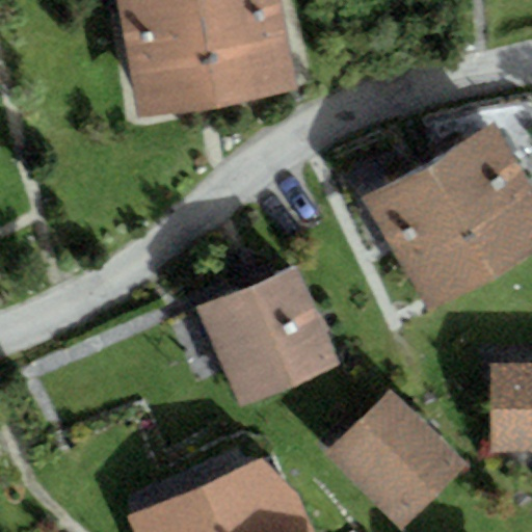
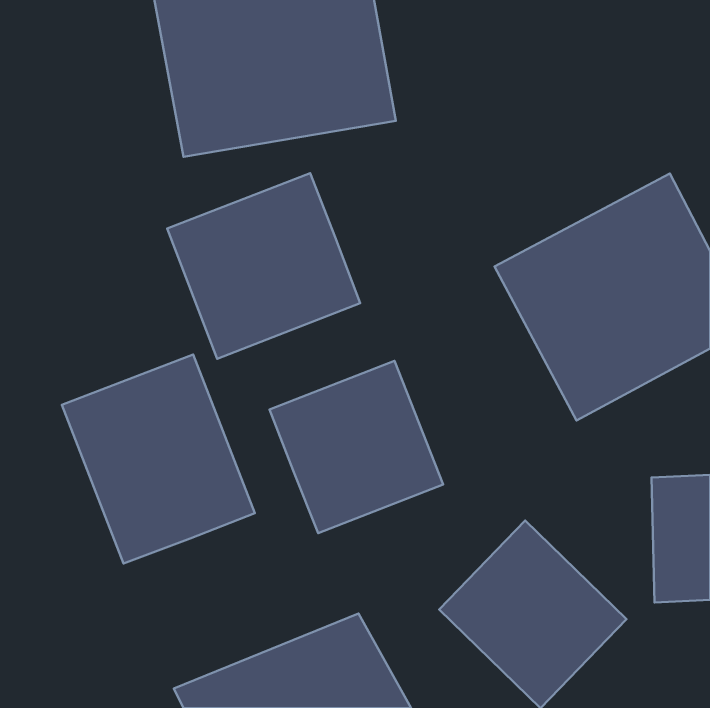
building: none -> [167,173,360,359]
building: none -> [62,354,255,563]

